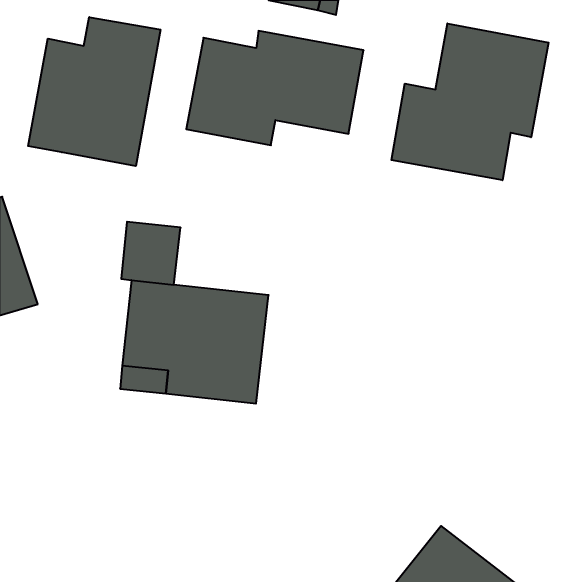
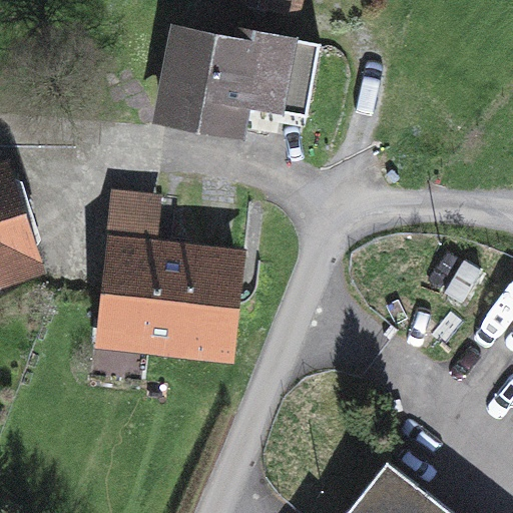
building: [28,17,160,166] -> none
building: [391,23,549,180] -> none

